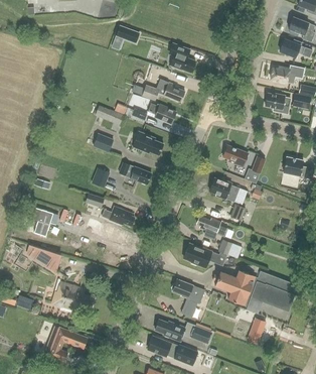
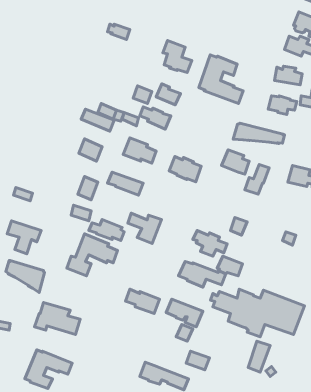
building: none -> [199,55,243,103]
building: none -> [233,123,285,143]
building: [209,177,239,201] -> [169,156,201,182]
building: none -> [128,213,162,244]
building: [155,319,186,341] -> [125,289,160,313]

